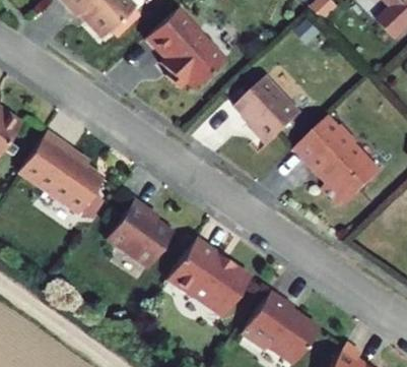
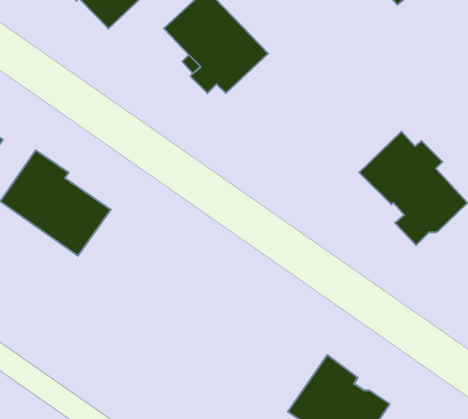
building: [233,76,301,144] -> none
building: [106,198,173,267] -> none
building: [164,237,250,316] -> none

